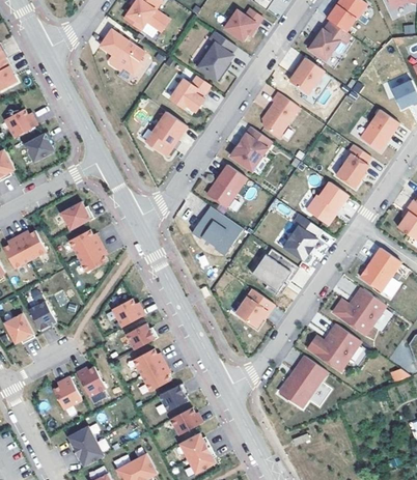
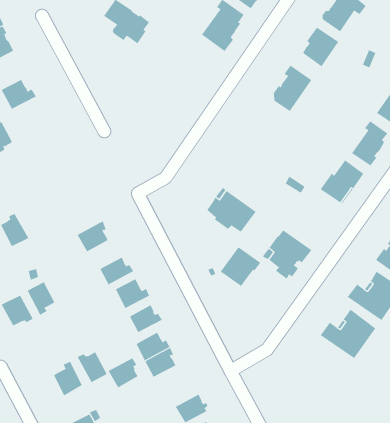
building: [171,75,211,110] -> none
building: [145,111,187,154] -> none
building: [21,126,51,158] -> none
building: [230,126,272,170] -> none
building: [206,165,246,207] -> none
building: [58,199,92,228] -> none
building: [283,215,322,261] -> none
building: [16,227,45,257] -> none
building: [66,227,100,254] -> [99,257,134,285]
building: [234,289,274,328] -> [220,246,261,287]
building: [277,357,326,408] -> none
building: [154,383,183,412] -> [108,358,138,388]

